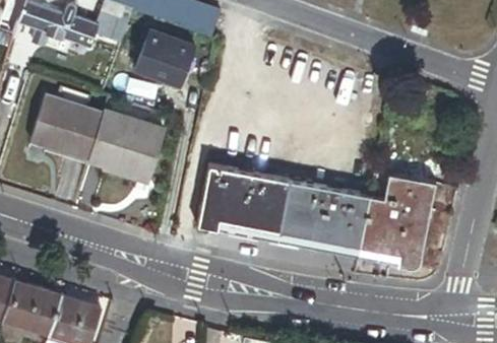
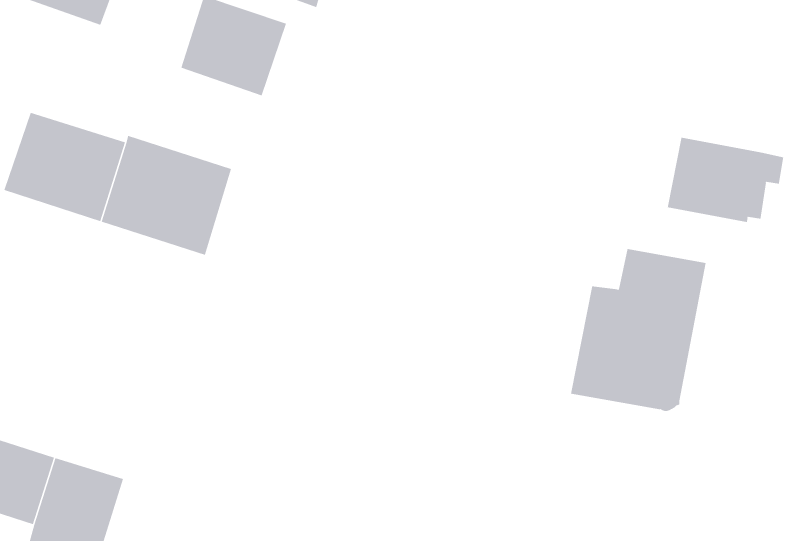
building: none -> [667,137,784,223]
building: [197,165,369,258] -> none

